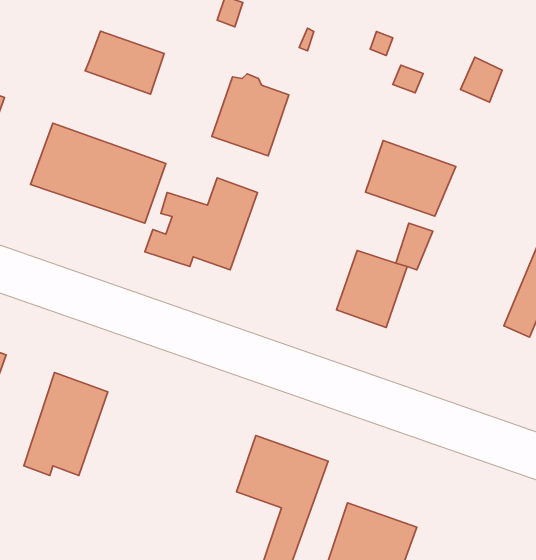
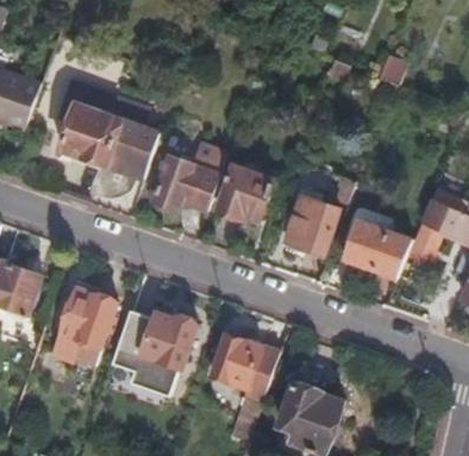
building: [85,31,164,94] -> none
building: [212,74,289,156] -> [217,164,274,225]
building: [366,141,456,216] -> [344,221,411,277]
building: none -> [111,308,196,394]

